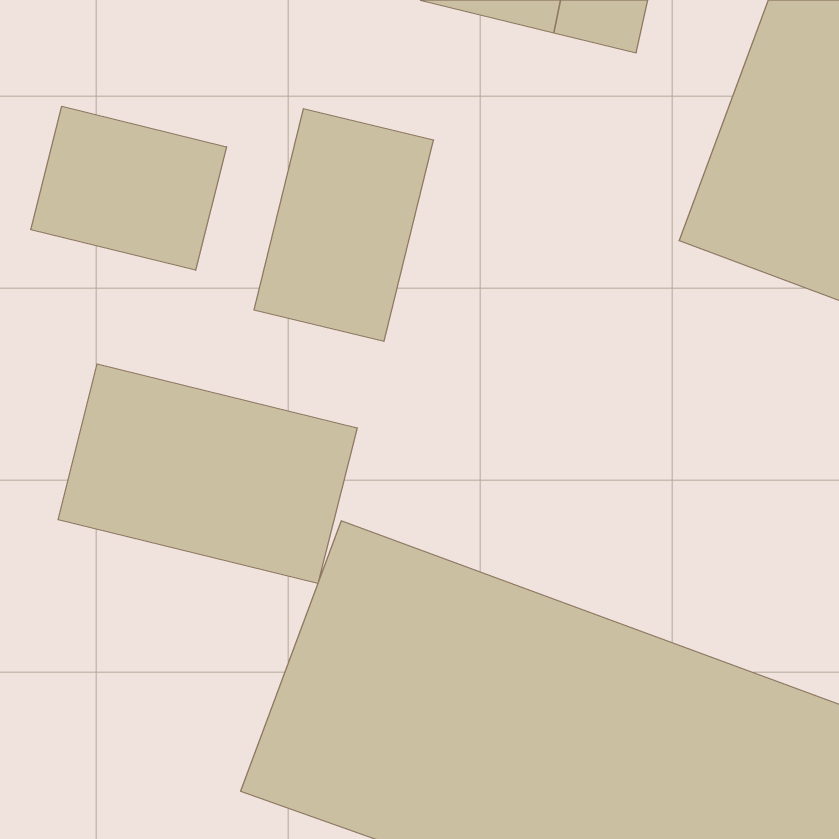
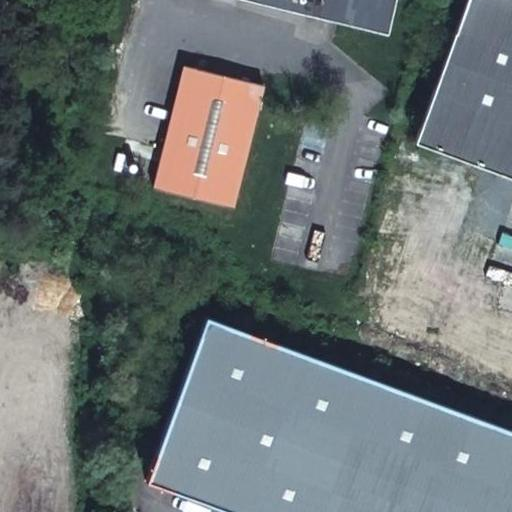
building: [31,106,227,270] -> none
building: [58,364,357,584] -> none

